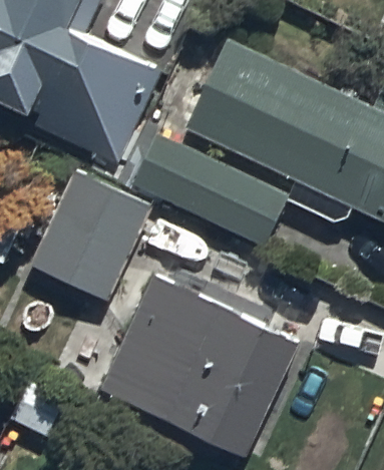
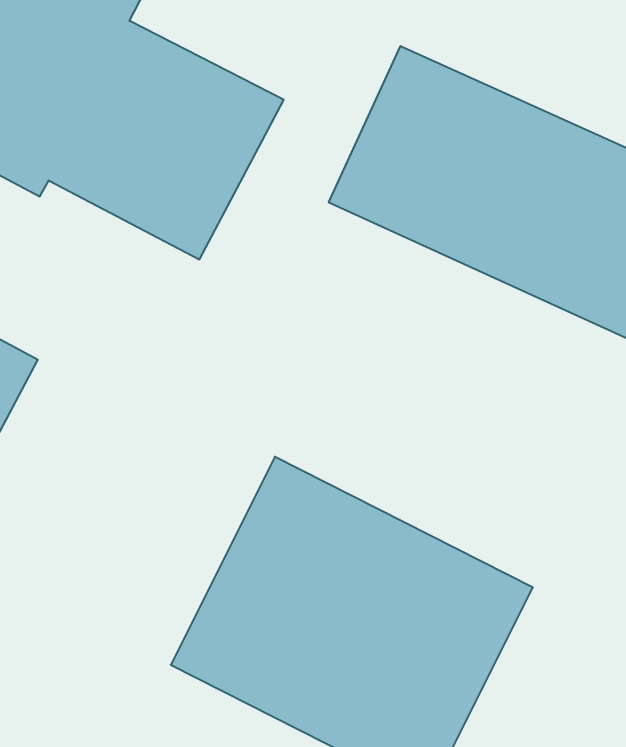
building: [131,134,287,248] -> none
building: [31,171,151,299] -> none

